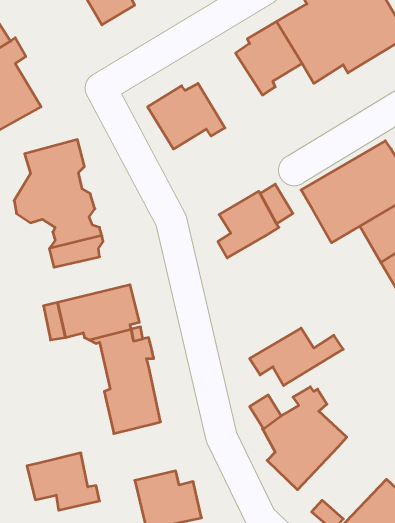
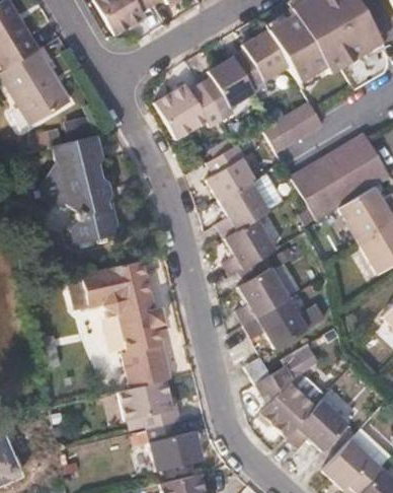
building: none -> [201,58,256,123]
building: none -> [262,101,325,153]
building: none -> [207,142,257,198]
building: none -> [224,216,278,274]
building: none -> [237,265,290,323]
building: none -> [287,399,347,450]
building: [27,453,100,510] -> [119,378,181,428]

